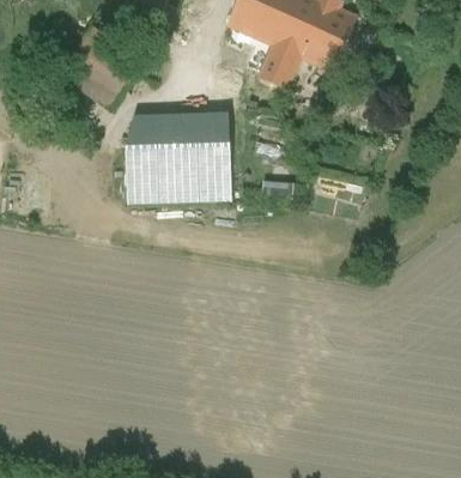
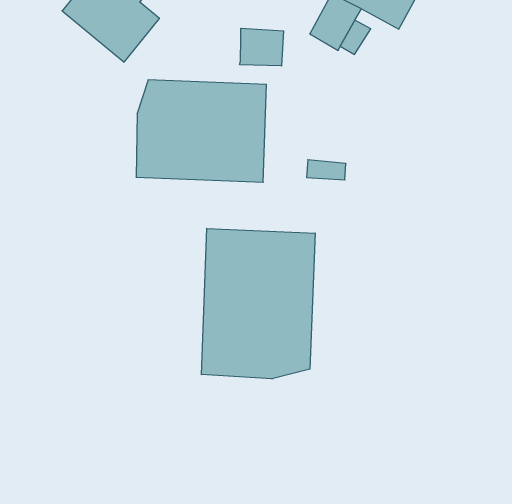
building: none -> [240,28,284,66]
building: none -> [201,228,315,379]

